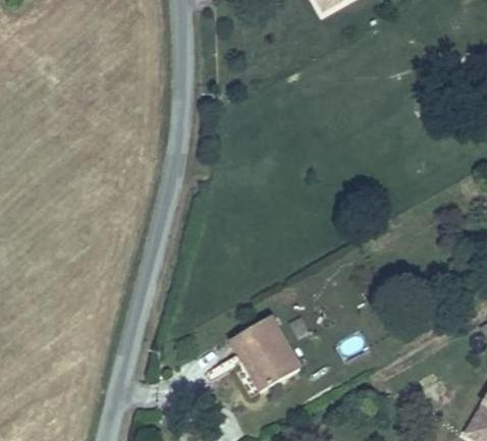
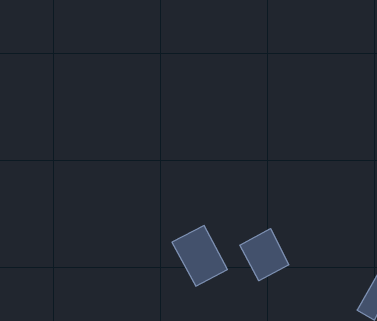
building: none -> [240,229,289,281]

